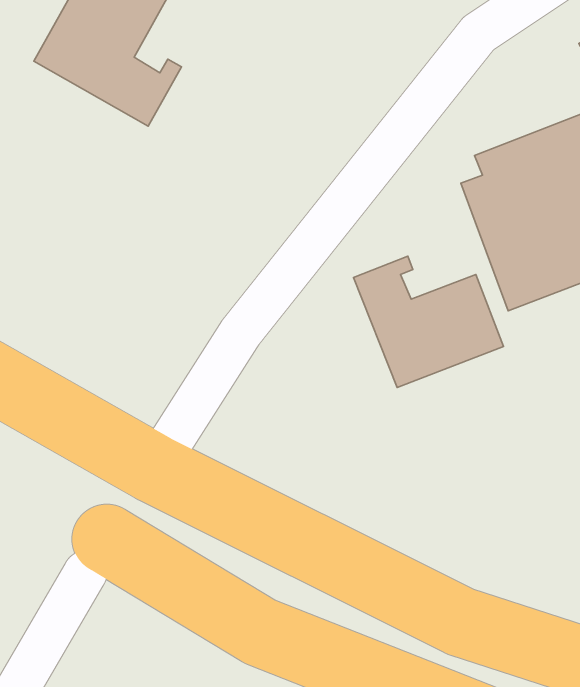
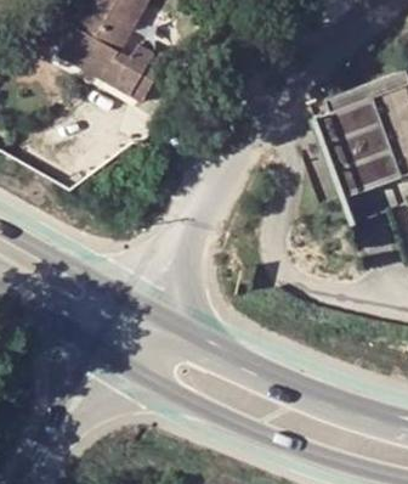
building: [354,256,503,388] -> none

